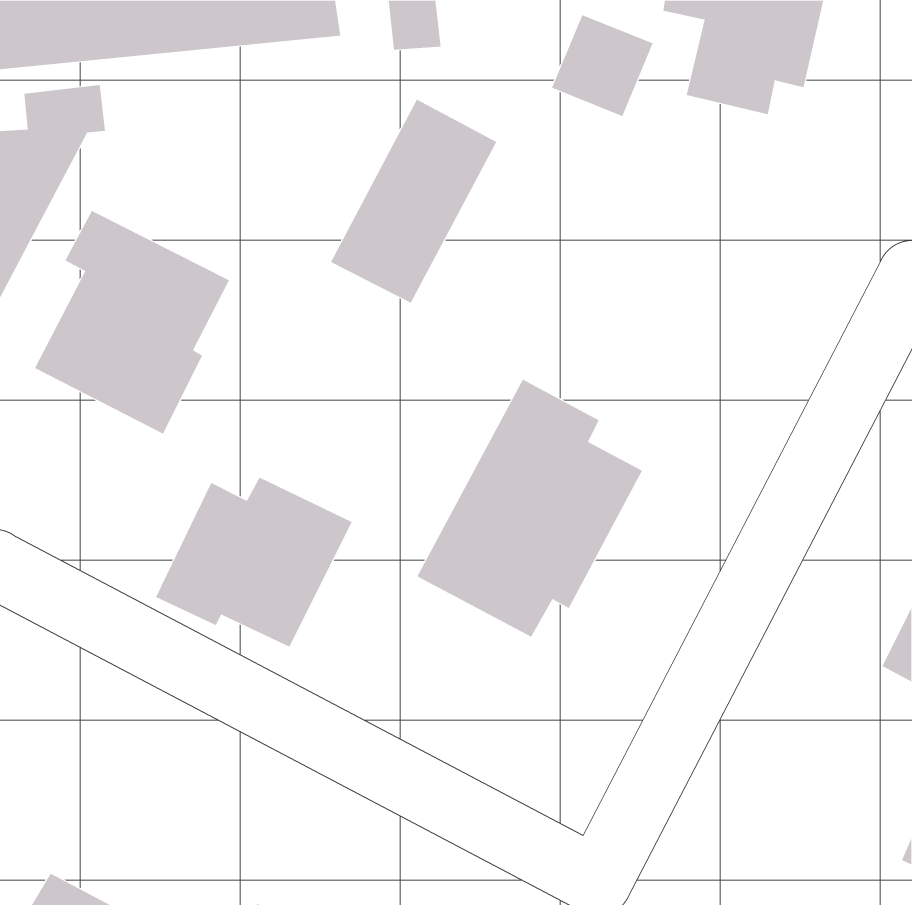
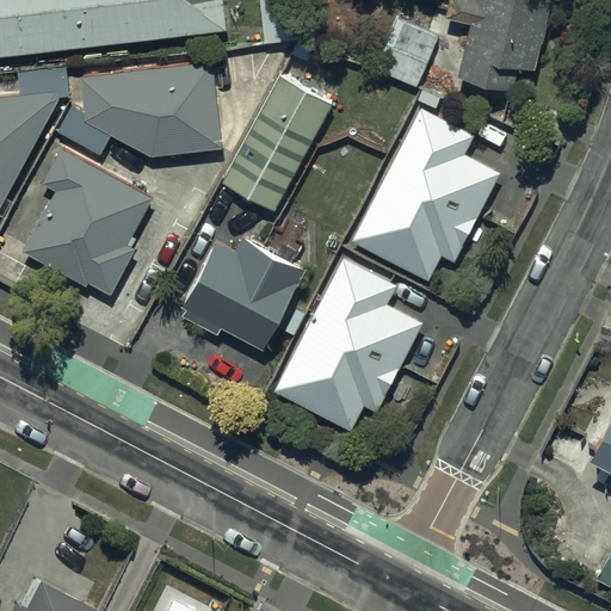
building: none -> [54,61,220,159]
building: none -> [354,110,504,283]
building: [155,477,353,647] -> [174,235,306,348]

